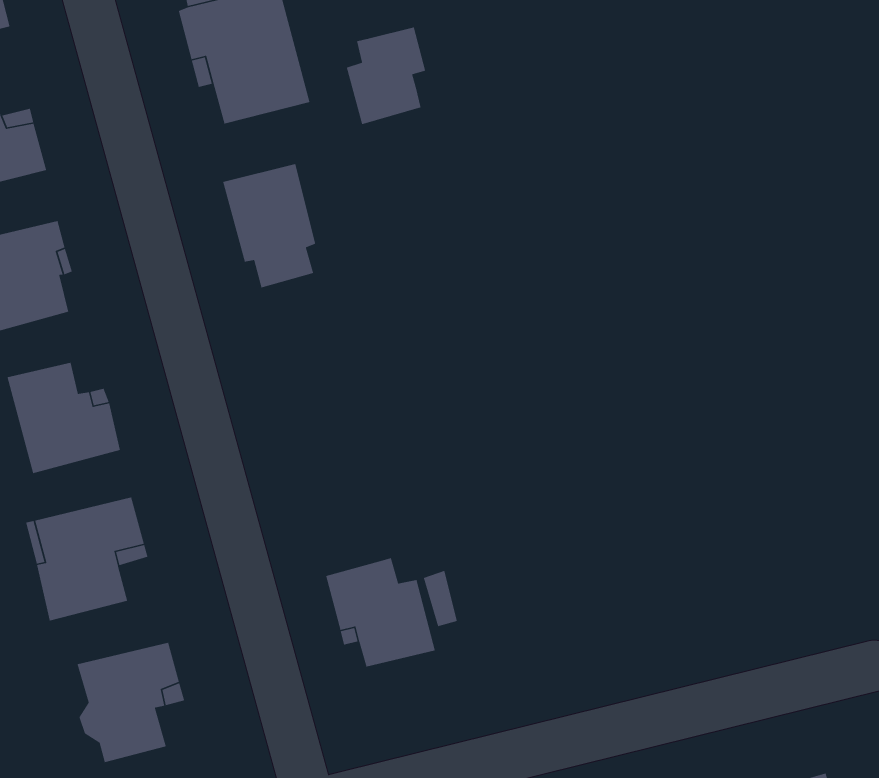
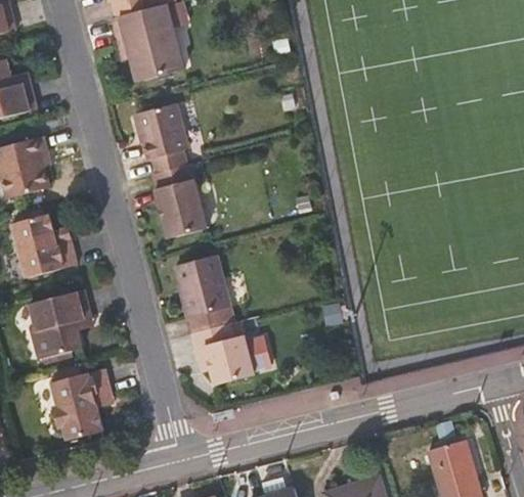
building: [346,26,426,125] -> none
building: none -> [150,164,205,238]
building: none -> [173,255,227,332]

